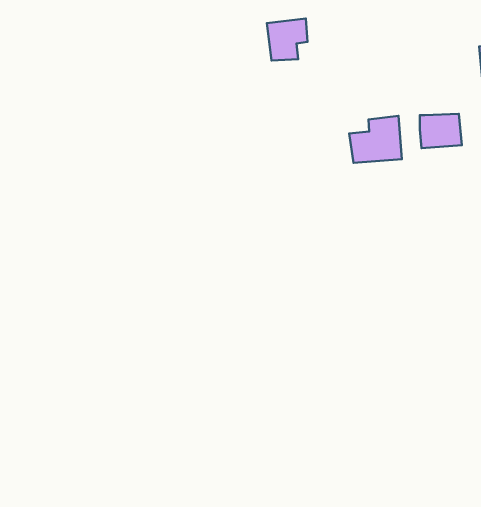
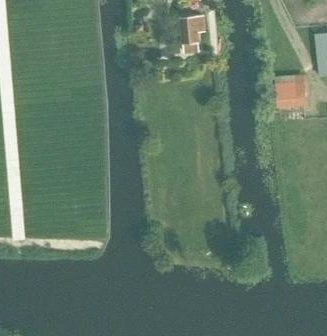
building: [349,116,402,163] -> none

